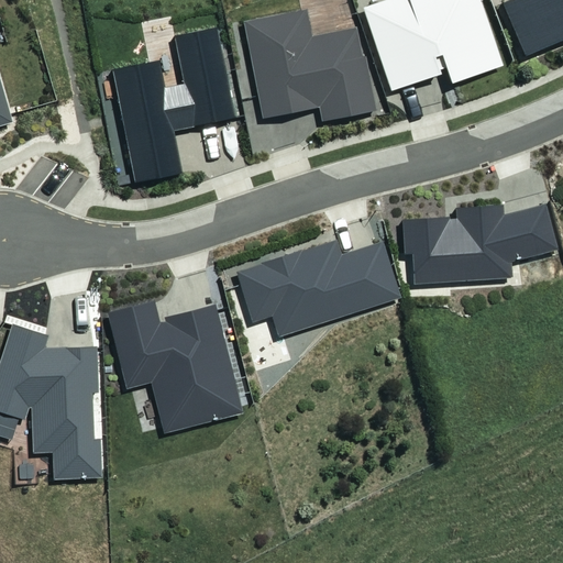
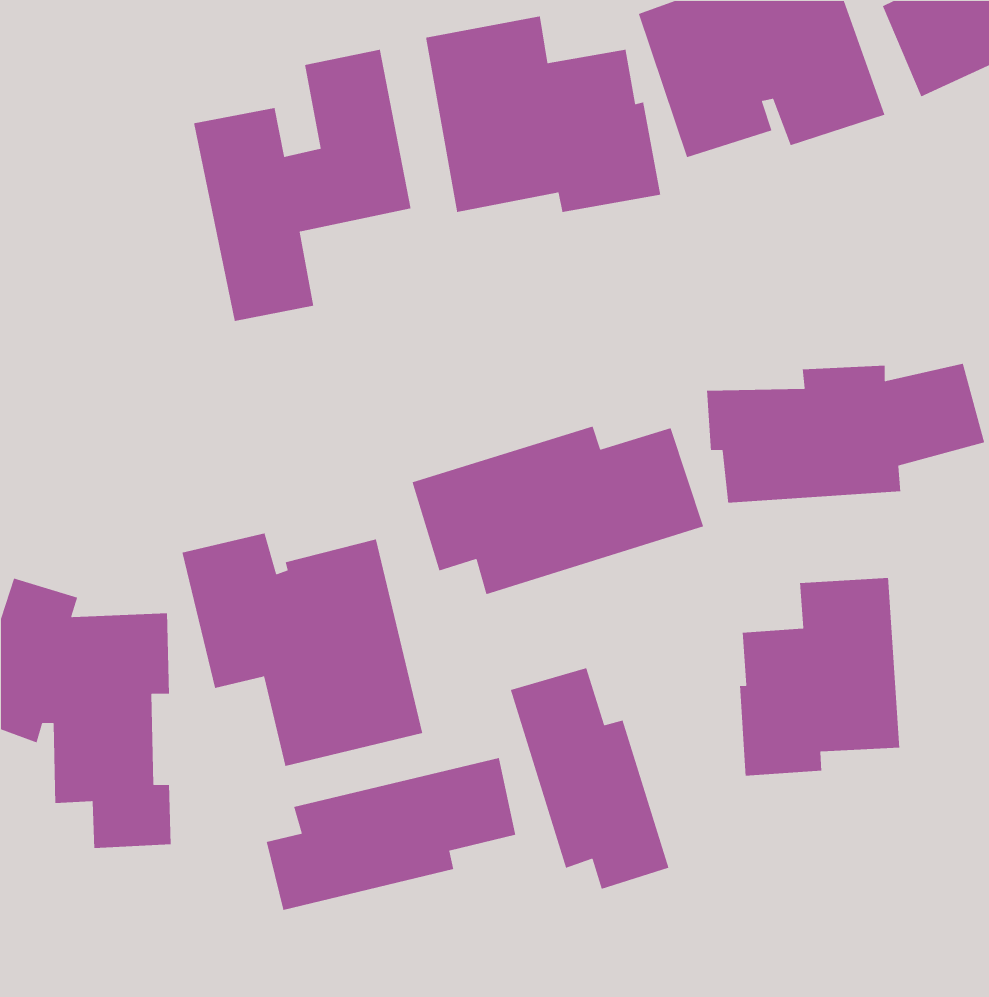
building: none -> [739,577,900,776]
building: none -> [510,667,669,890]
building: none -> [266,757,516,911]

